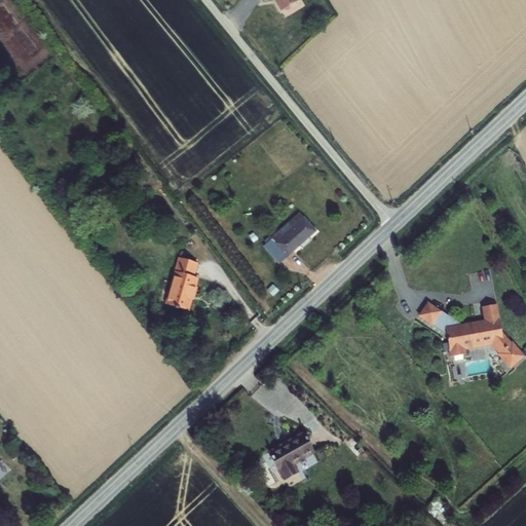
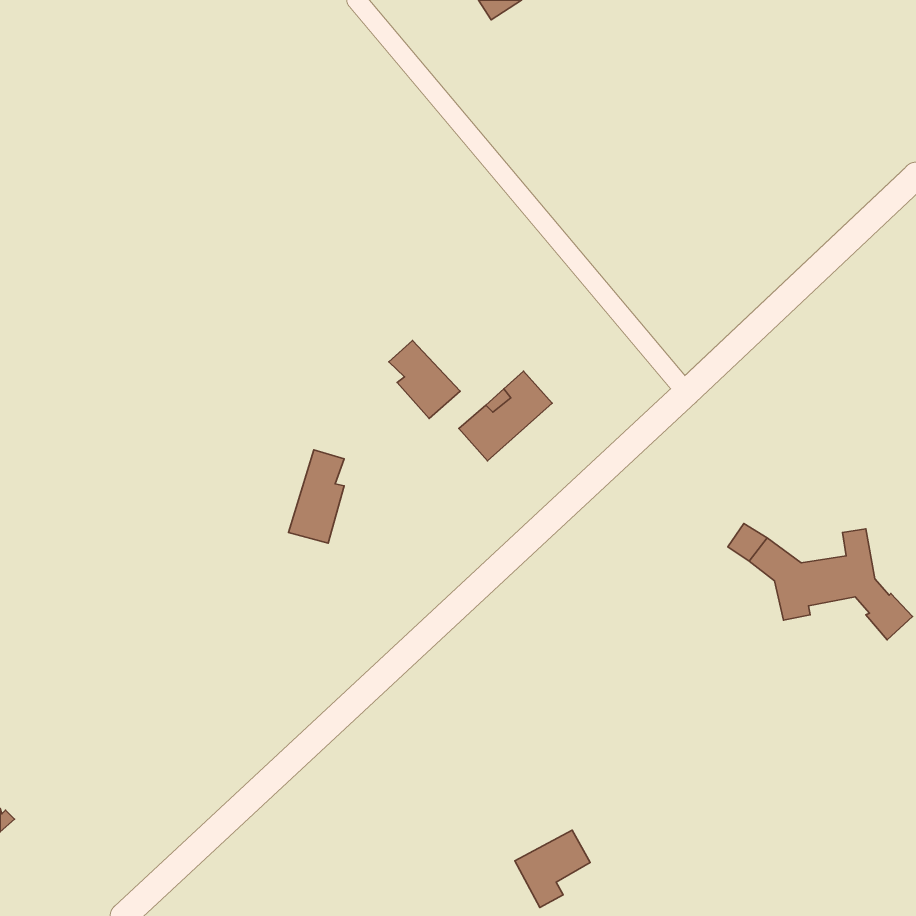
building: none -> [389,340,460,418]
building: [269,435,312,479] -> [515,830,590,907]

